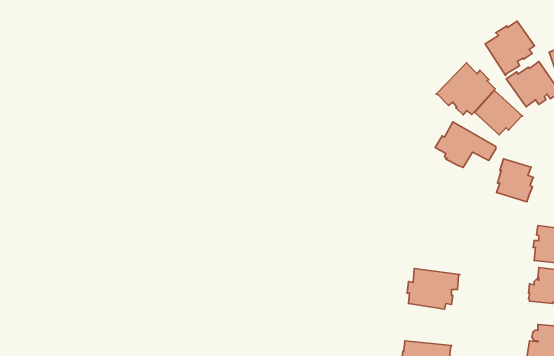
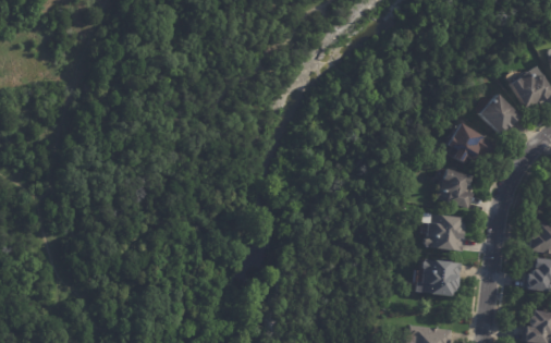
building: [485,21,535,75] -> none
building: [436,63,495,115] -> none
building: [496,159,534,202] -> [439,168,474,208]
building: none -> [427,215,466,252]

